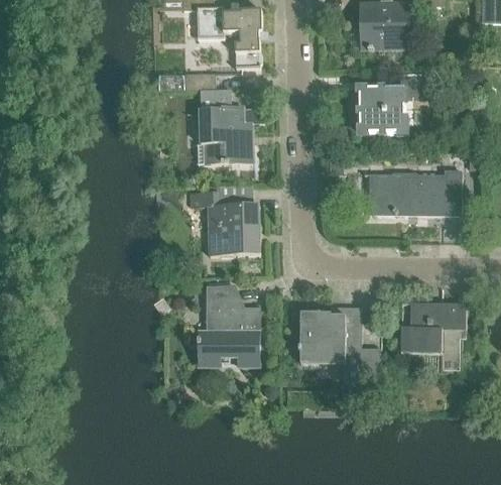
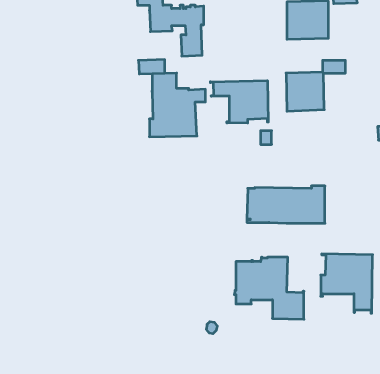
building: none -> [210,81,268,123]
building: [368,170,461,215] -> [247,186,325,223]
building: [191,185,259,254] -> none
building: [198,284,259,365] -> none

